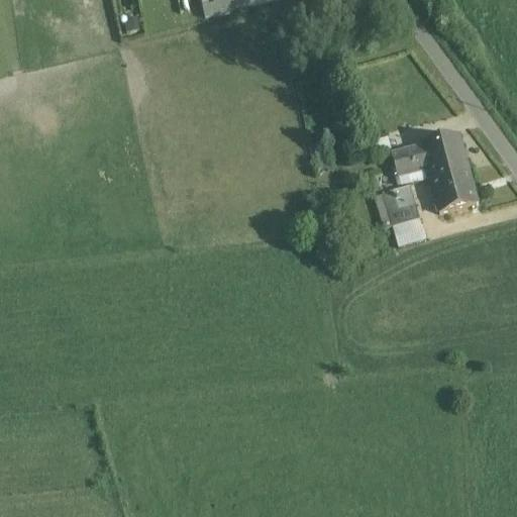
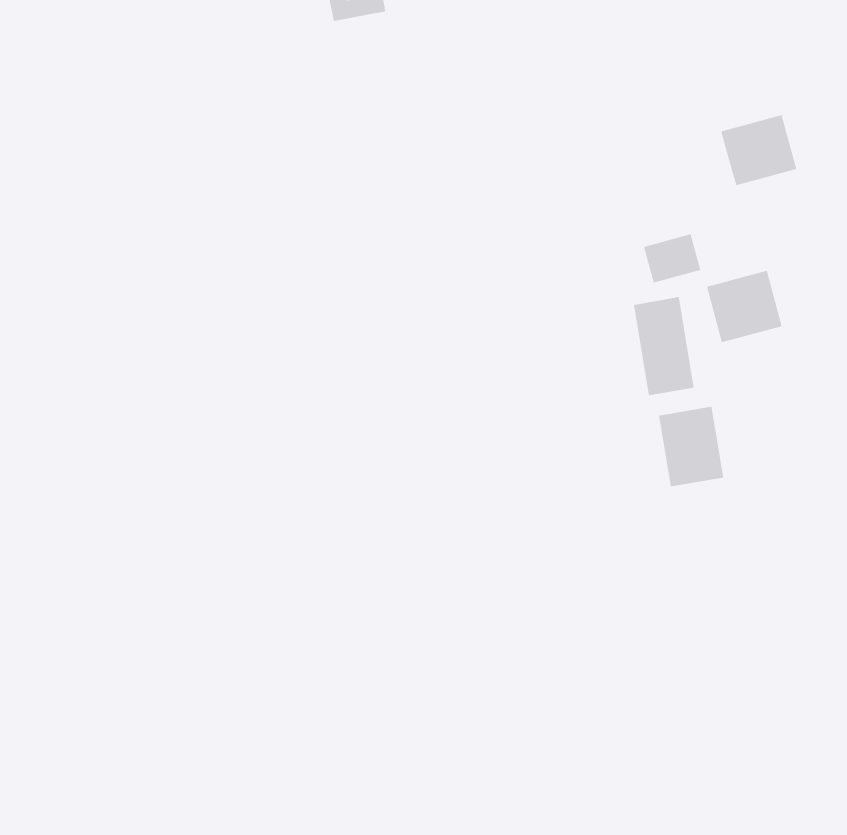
building: [421,131,468,175] -> [721,115,797,186]
building: none -> [659,406,724,487]

